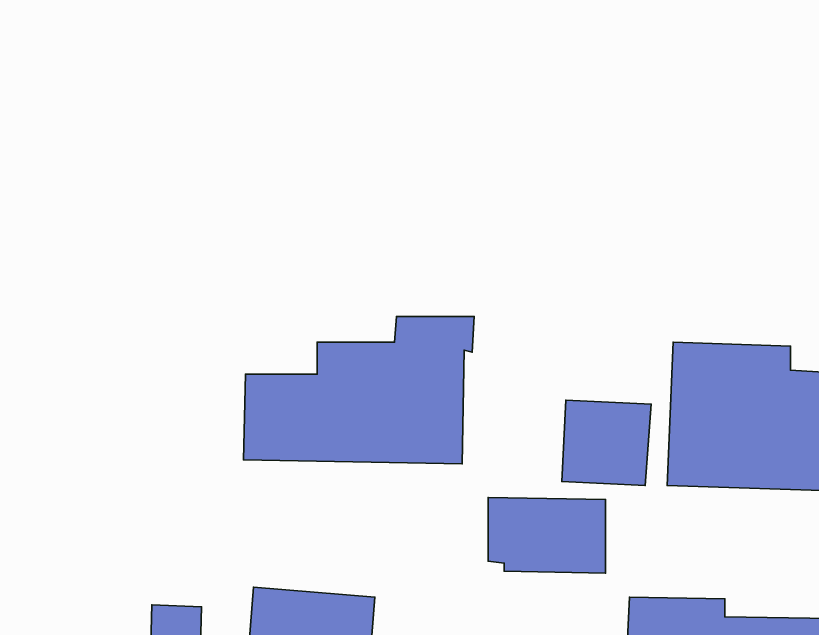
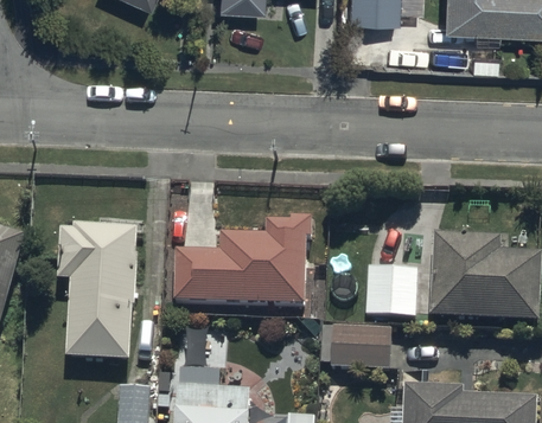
building: none -> [58,225,136,360]

